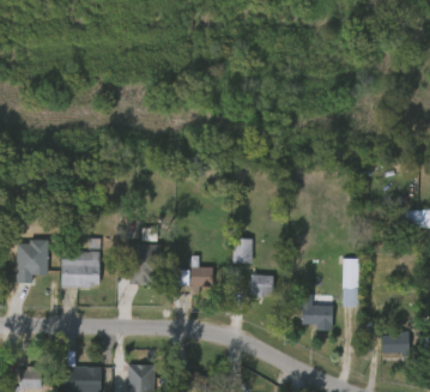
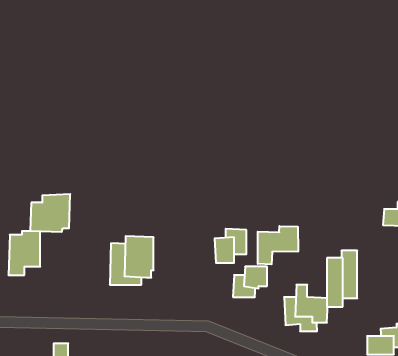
building: none -> [258,226,298,264]
building: [62,249,102,287] -> [30,194,70,232]
building: [176,254,212,293] -> none

